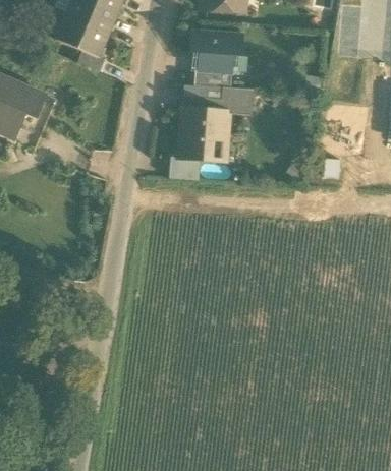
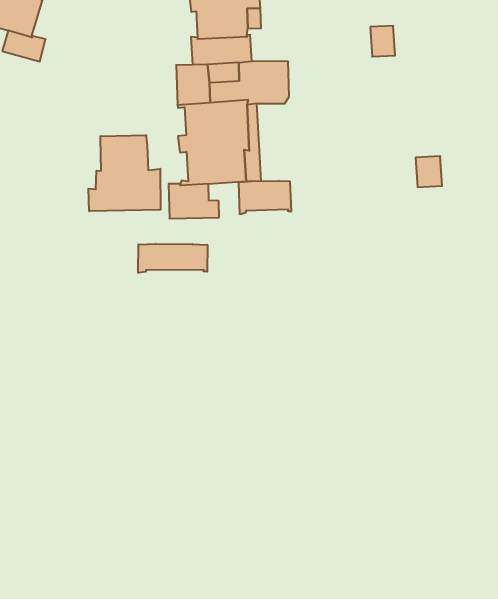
building: none -> [88,135,161,211]
building: none -> [239,181,291,214]
building: none -> [138,244,207,273]

